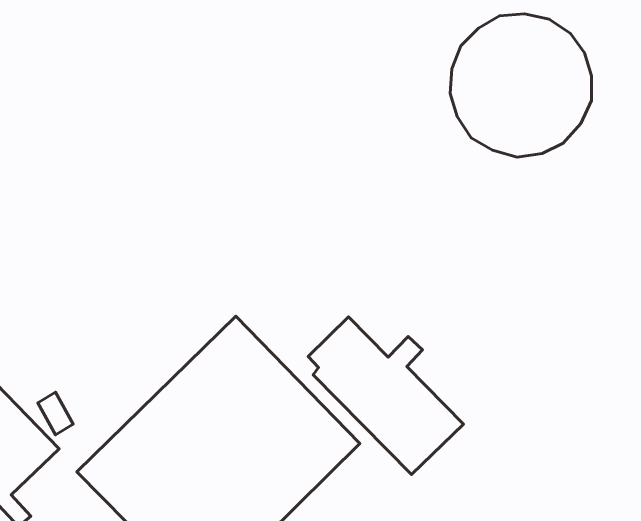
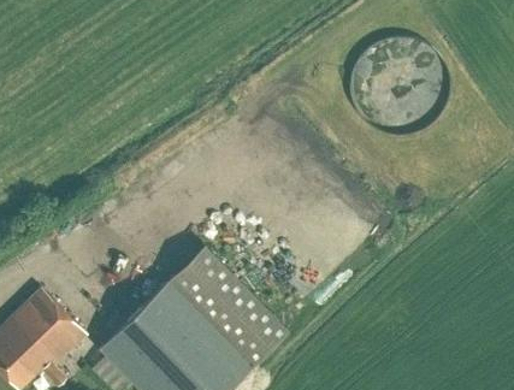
building: [308,317,463,475] -> none

